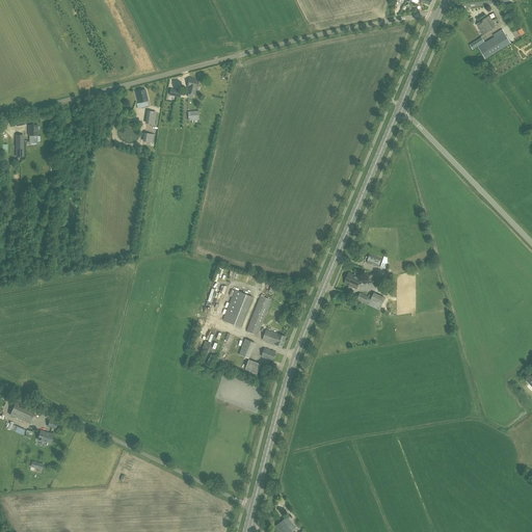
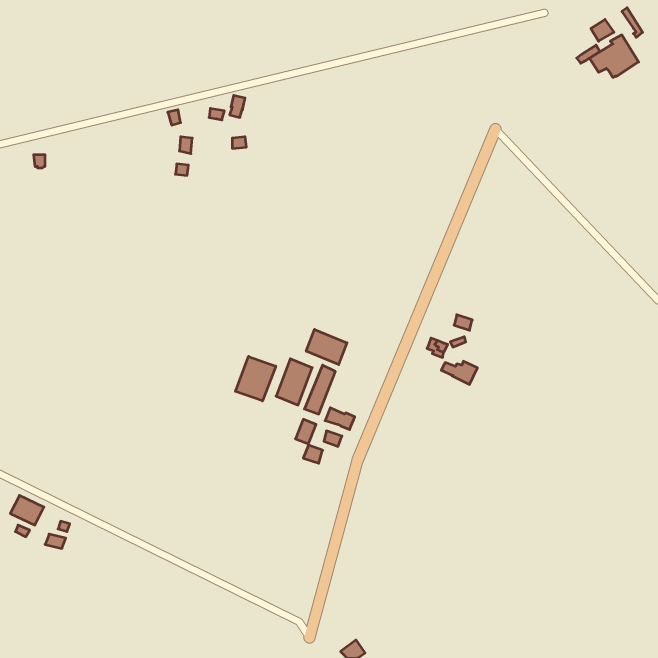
building: none -> [306,329,347,365]
building: none -> [235,356,276,401]

